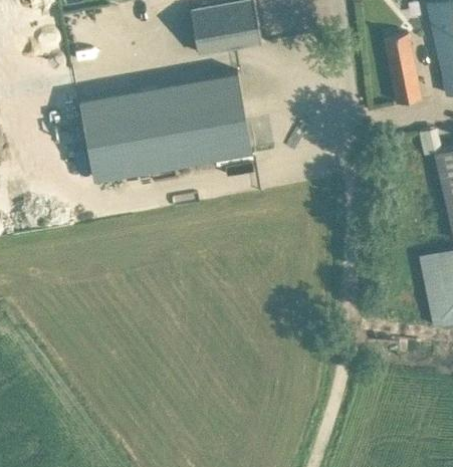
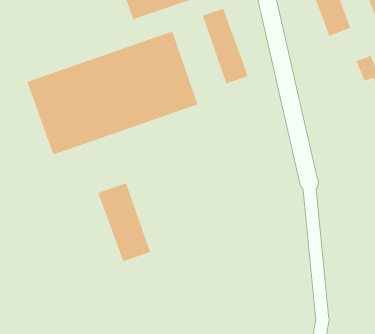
building: none -> [202,8,249,85]
building: none -> [97,182,151,262]

